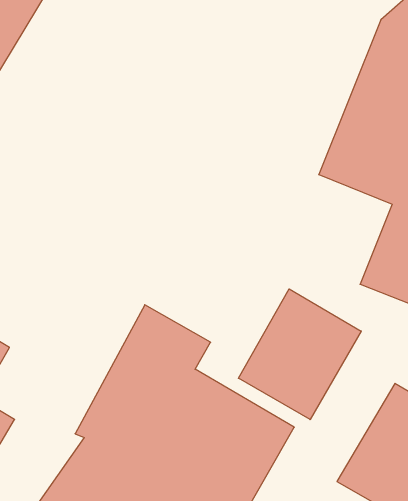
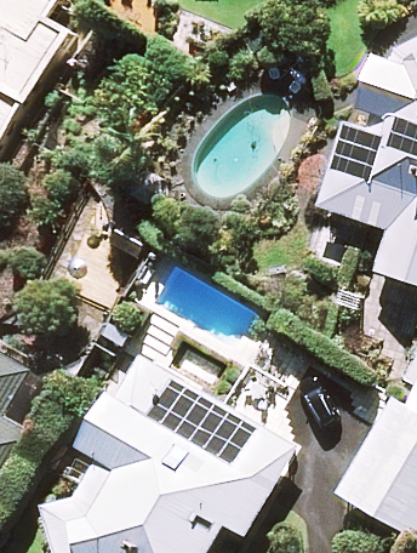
building: [238,289,361,420] -> none

